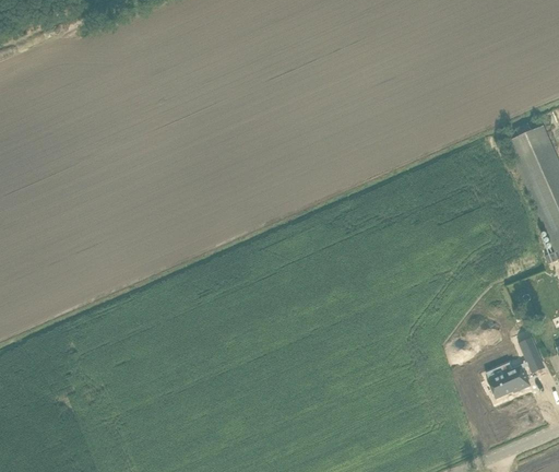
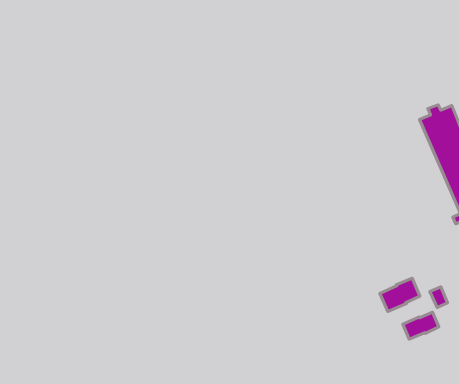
building: none -> [380,278,420,312]

